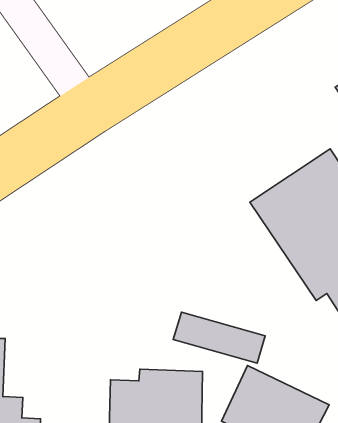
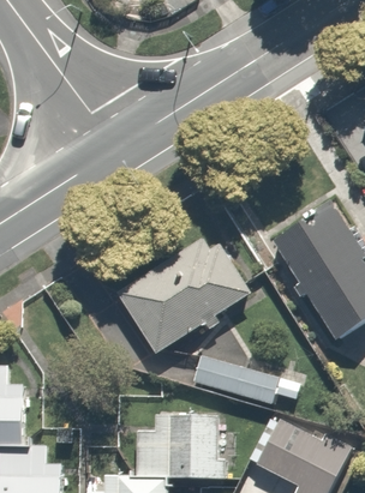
building: none -> [113,232,255,359]

